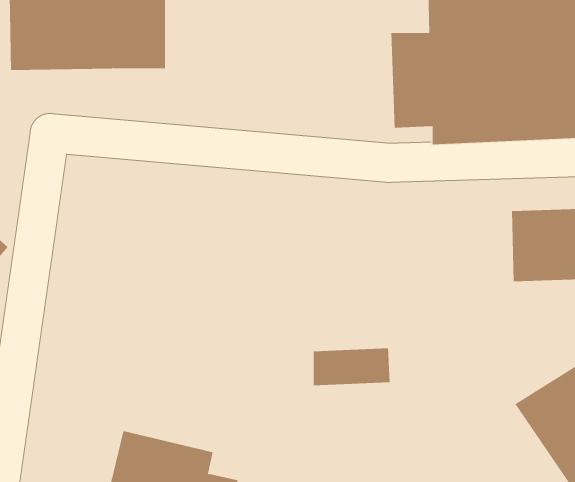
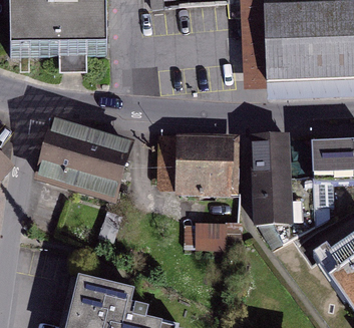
building: none -> [39,117,130,197]
building: none -> [168,136,230,194]
building: none -> [251,138,313,239]

